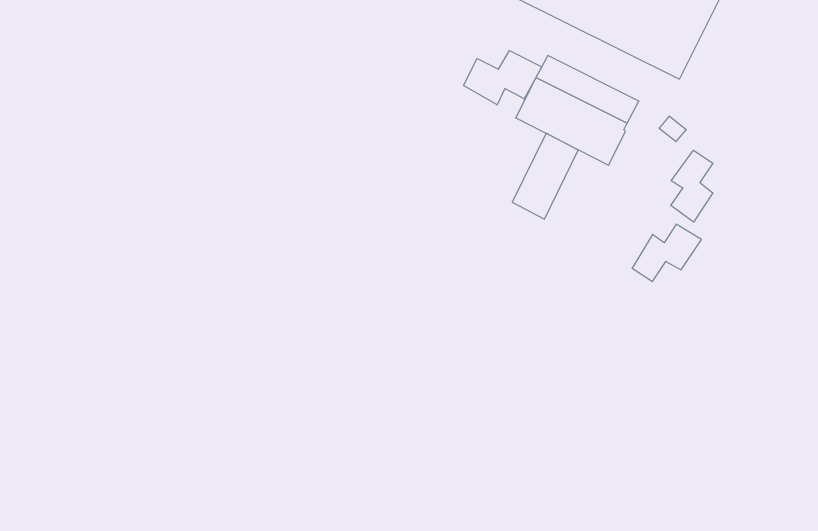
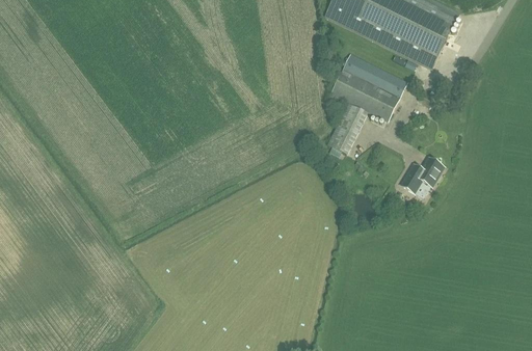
building: [464,51,542,105] -> none
building: [671,150,713,222] -> none

